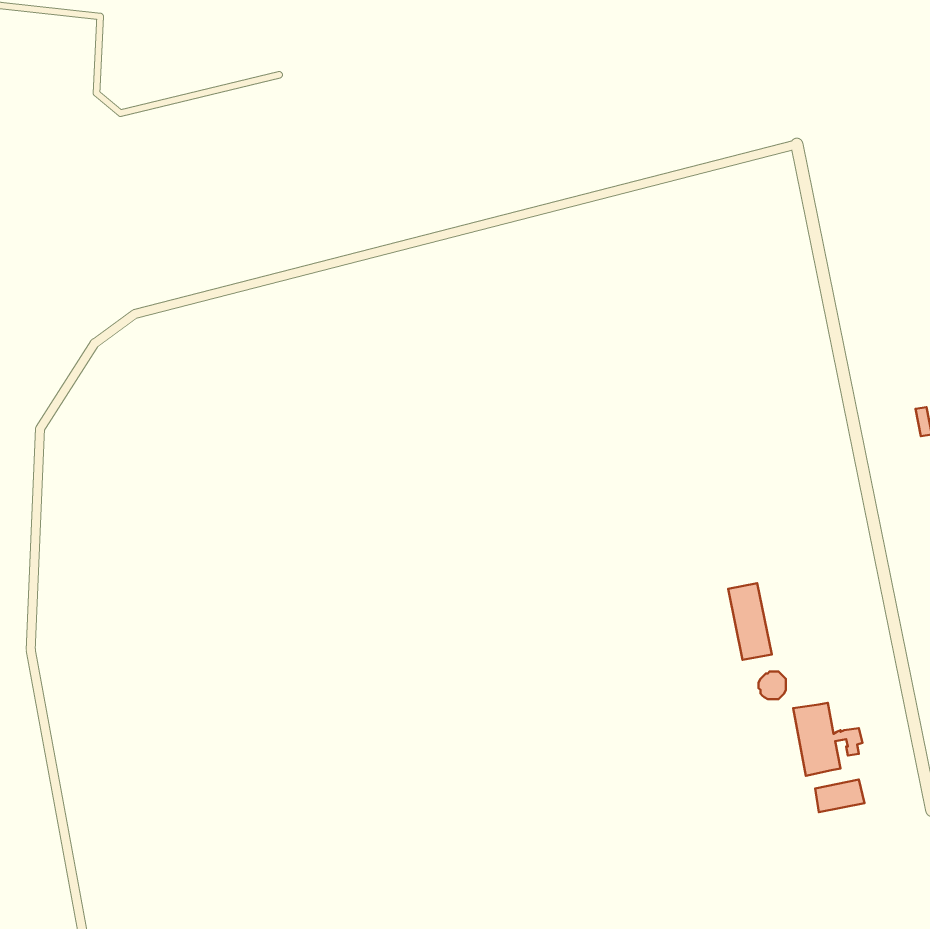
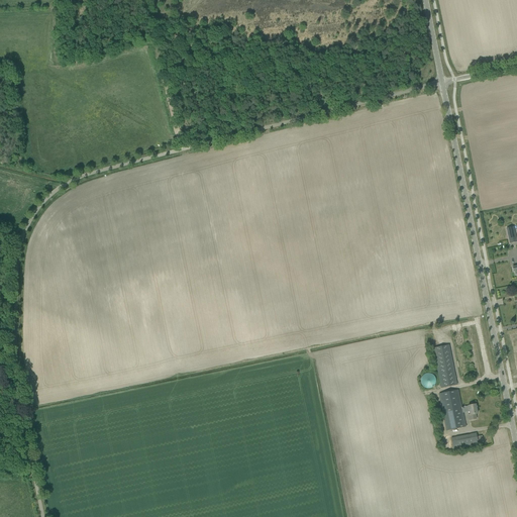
building: [728,583,772,660] -> [434,343,458,386]

